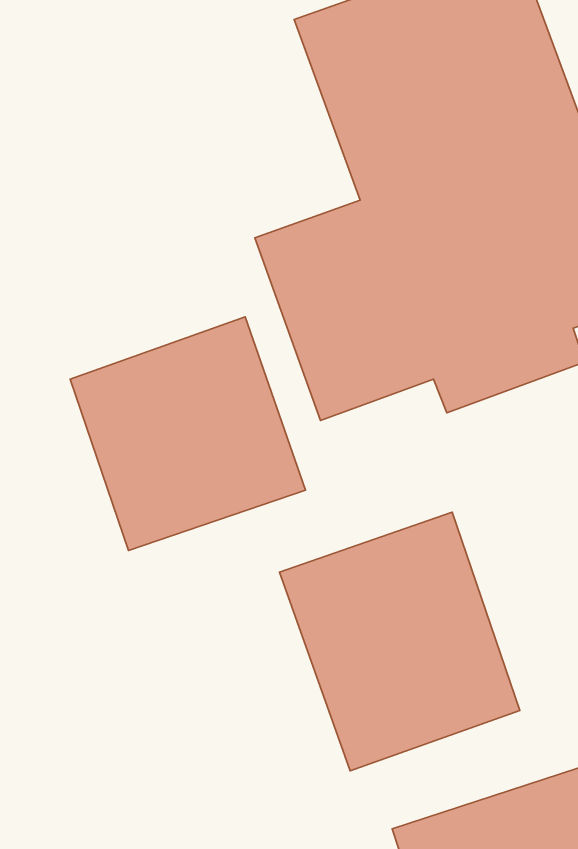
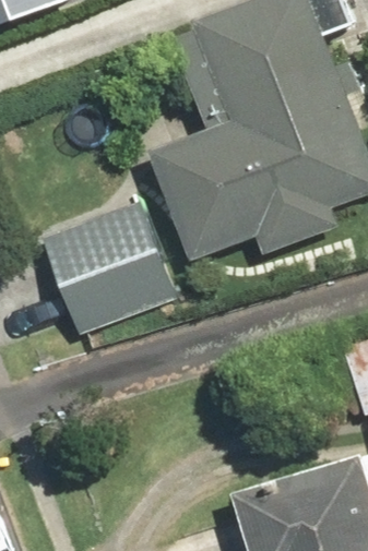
building: [280,512,520,771] -> none

